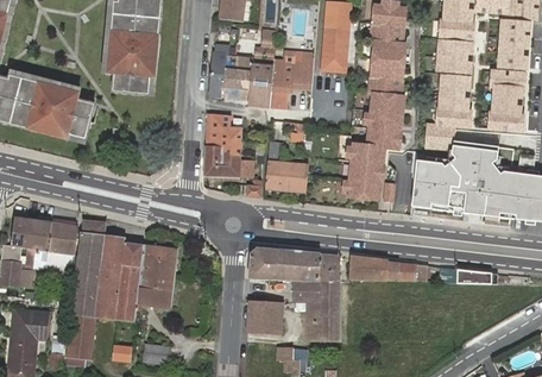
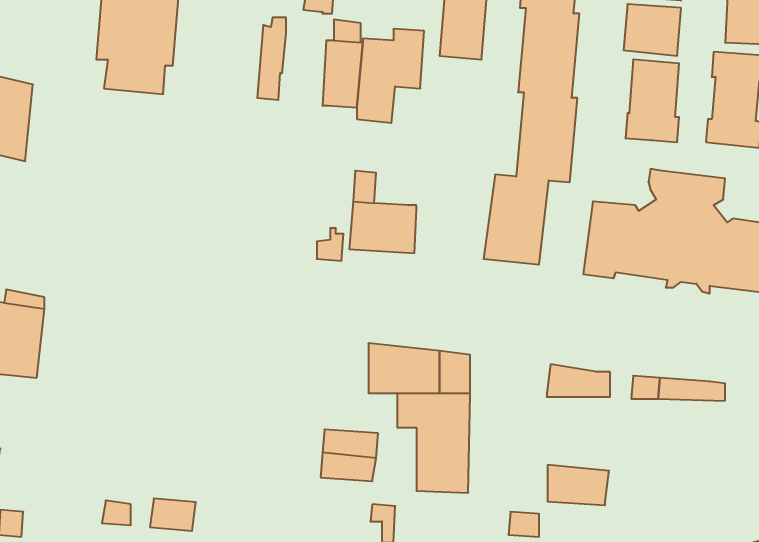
building: [221,56,251,101] -> none
building: [64,88,97,138] -> none
building: [202,115,241,176] -> none
building: [426,121,453,149] -> none
building: [67,222,175,366] -> none
building: [248,247,277,279] -> none
building: [352,257,390,282] -> [548,465,609,505]

